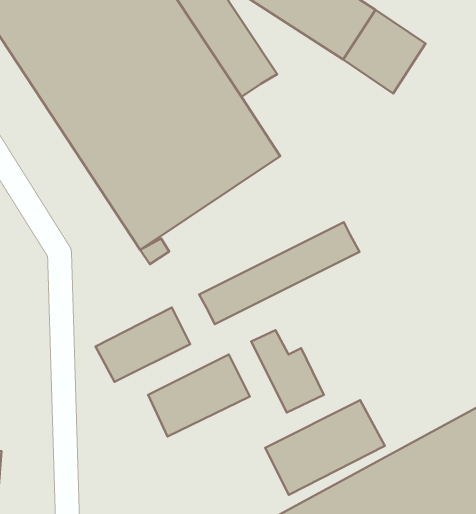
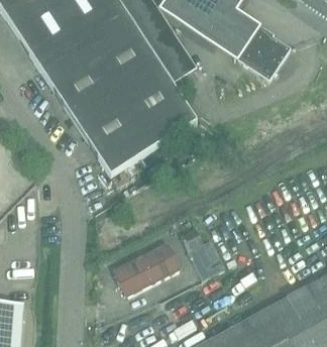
building: [199,222,360,324] -> none
building: [95,308,190,382] -> none
building: [265,400,385,495] -> none

